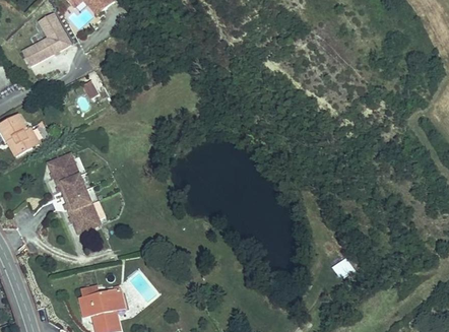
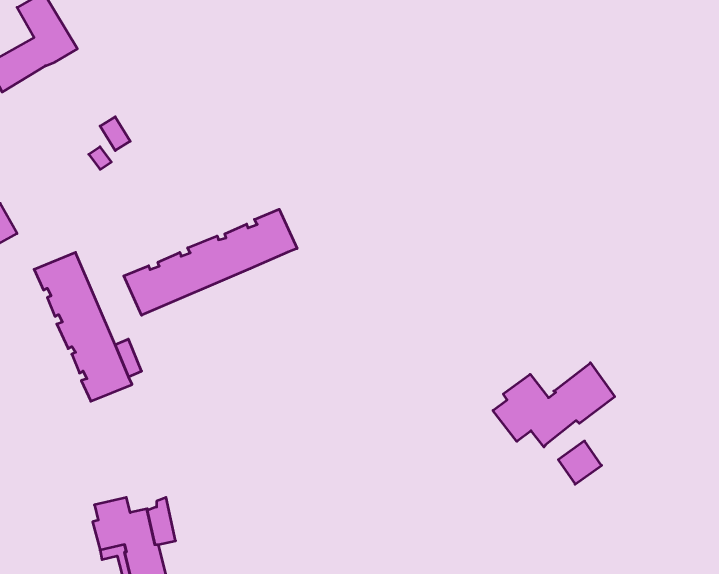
building: none -> [124,209,297,315]
building: none -> [493,363,615,447]

